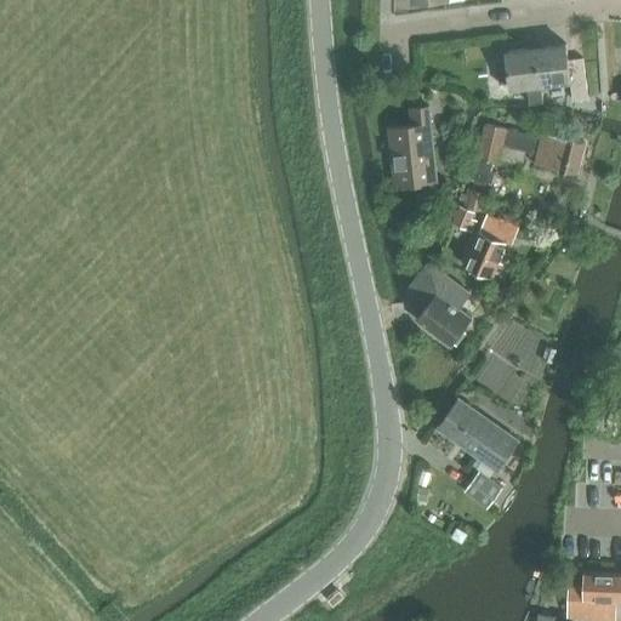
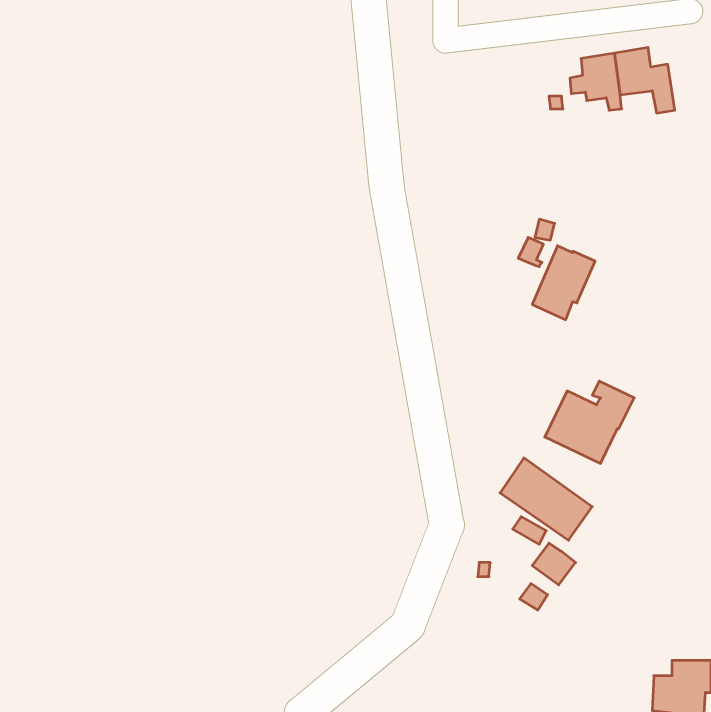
building: [392,104,437,187] -> none
building: [474,126,581,175] -> none
building: [408,263,468,344] -> none

